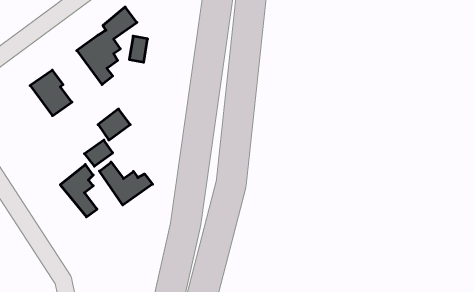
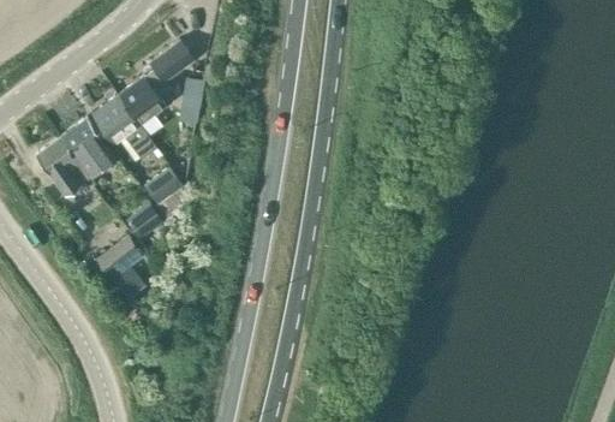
building: none -> [91,95,156,161]
building: none -> [35,138,89,197]
building: [99,162,153,205] -> none

